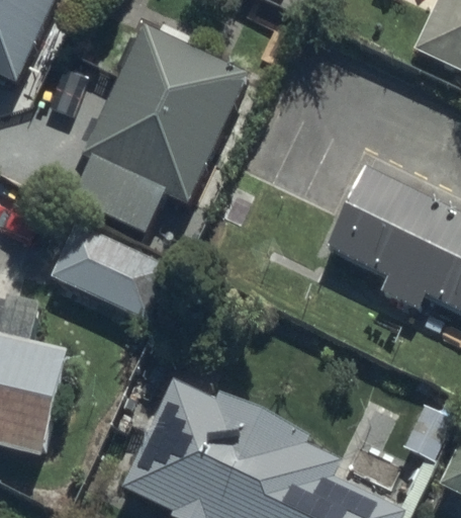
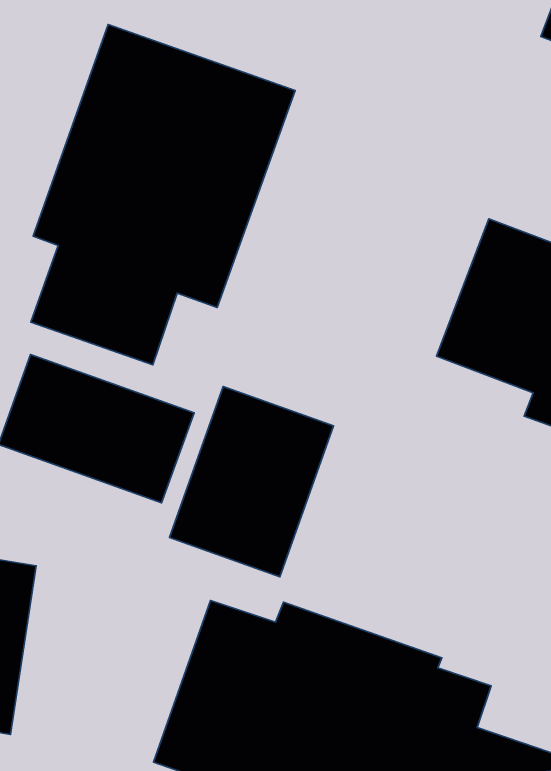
building: none -> [169,387,334,577]

